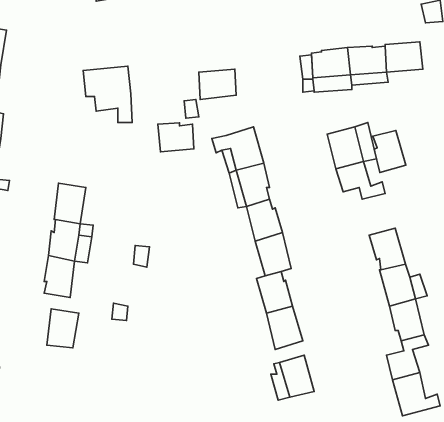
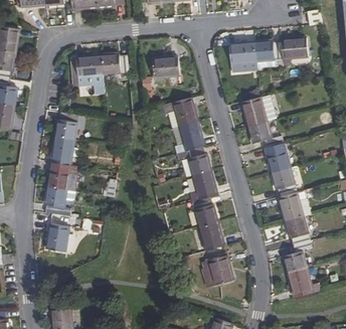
building: [158,123,194,152] -> [103,54,128,74]
building: [373,130,406,172] -> [266,144,289,173]
building: none -> [54,113,77,140]

